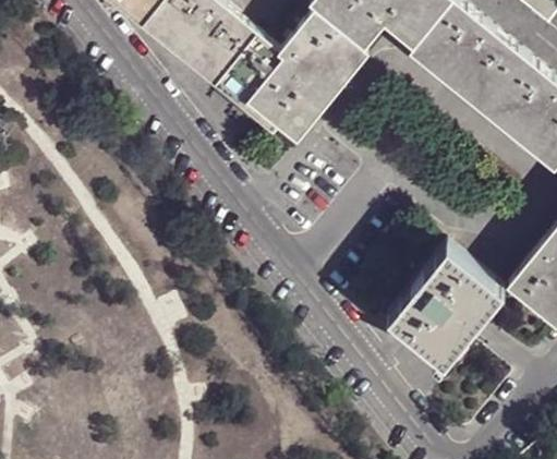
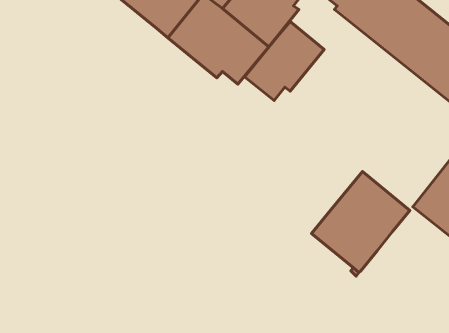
building: none -> [245,22,324,100]

